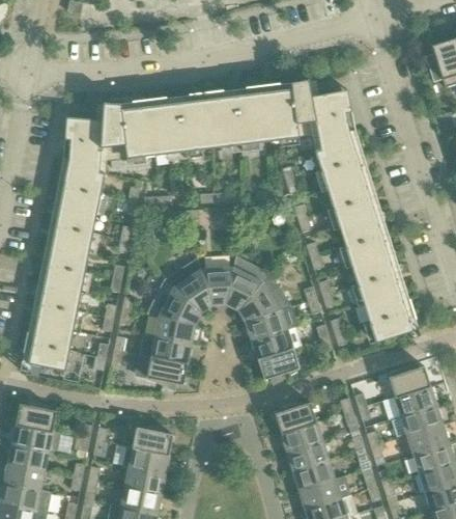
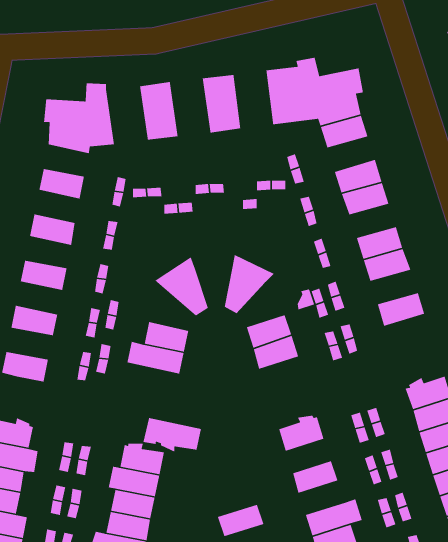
building: [235,90,269,143] -> none
building: [178,98,213,151] -> none
building: [121,105,158,158] -> none
building: [318,151,362,182] -> none
building: [64,158,106,186] -> none
building: [56,198,97,227] -> none
building: [338,211,380,241] -> none
building: [48,240,90,268] -> none
building: [201,267,233,304] -> none
building: [357,270,400,300] -> none
building: [146,279,201,324] -> none
building: [39,280,82,309] -> none
building: [237,281,281,321] -> none
building: [369,309,412,342] -> none
building: [31,322,74,350] -> none
building: [257,348,300,379] -> none
building: [134,353,187,385] -> [143,417,202,453]
building: [281,421,322,452] -> none
building: [292,459,335,489] -> [217,504,264,537]

